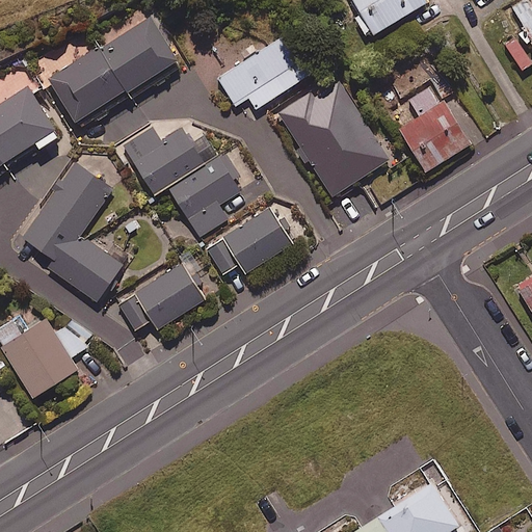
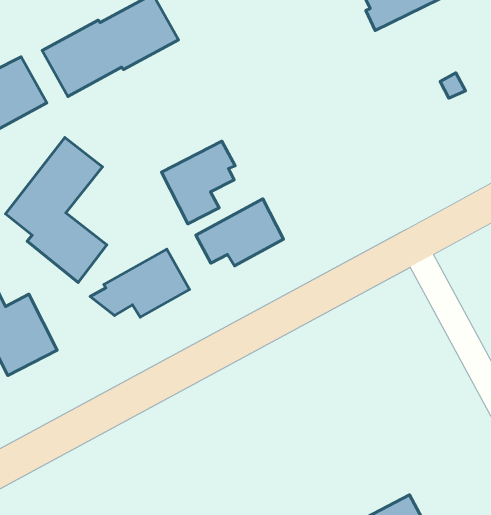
building: [217,32,315,108] -> none
building: [278,79,389,195] -> none
building: [398,87,470,171] -> none
building: [119,126,218,196] -> none

